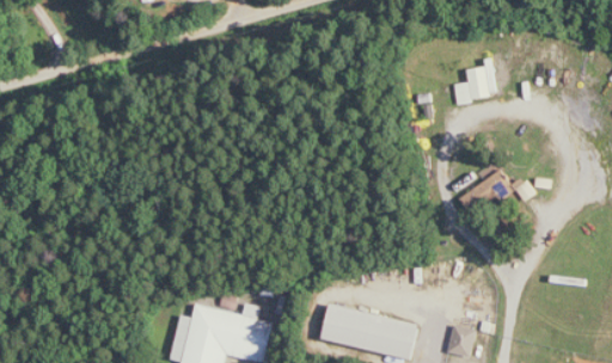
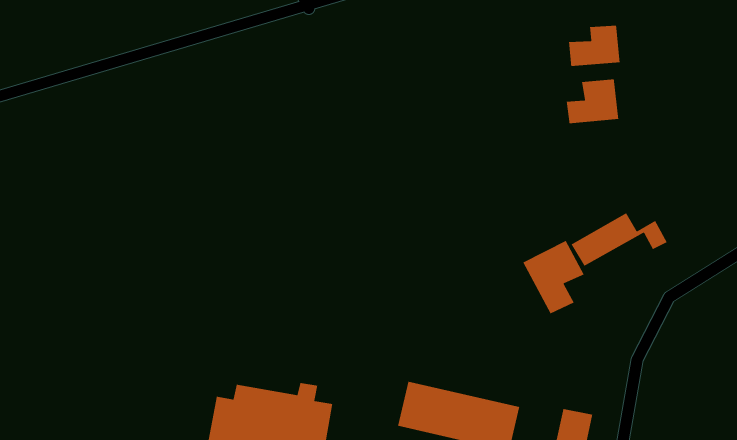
building: none -> [568,25,620,67]
building: none -> [522,240,585,315]

